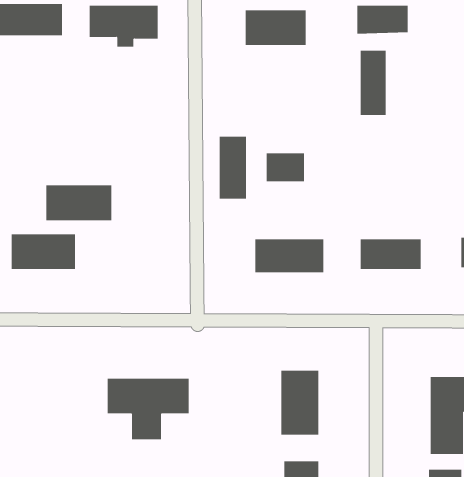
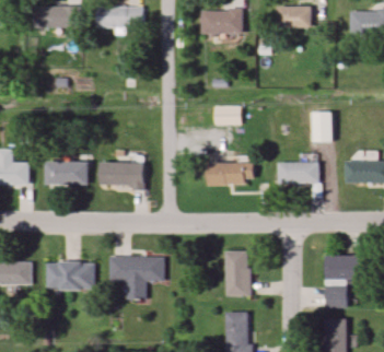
building: [360,50,386,116] -> none
building: [219,136,247,199] -> none
building: none -> [313,112,331,142]
building: [45,185,112,221] -> [98,161,143,185]
building: none -> [44,261,92,290]

